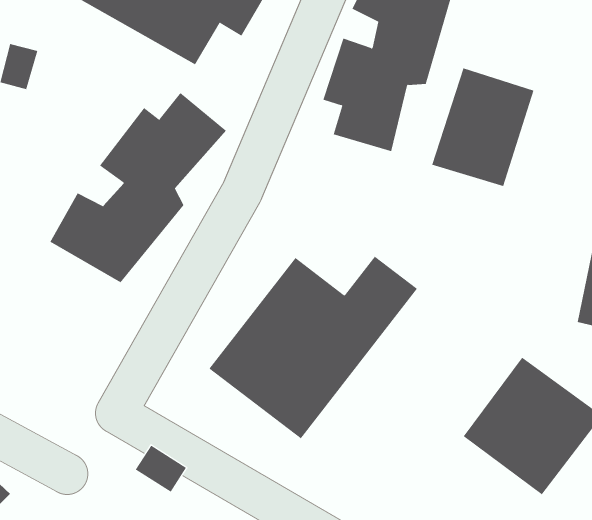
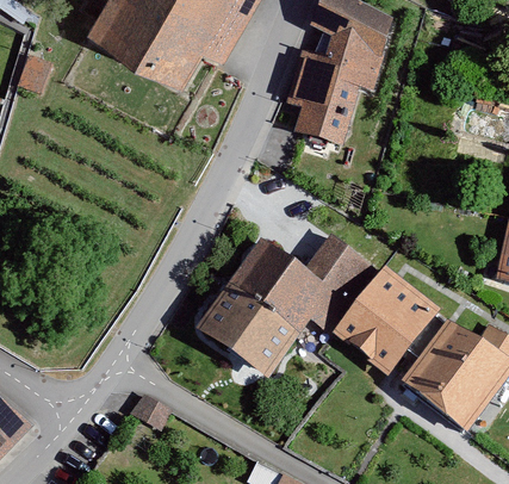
building: [431,68,534,187] -> none
building: [50,92,227,283] -> none
building: none -> [329,261,437,371]

